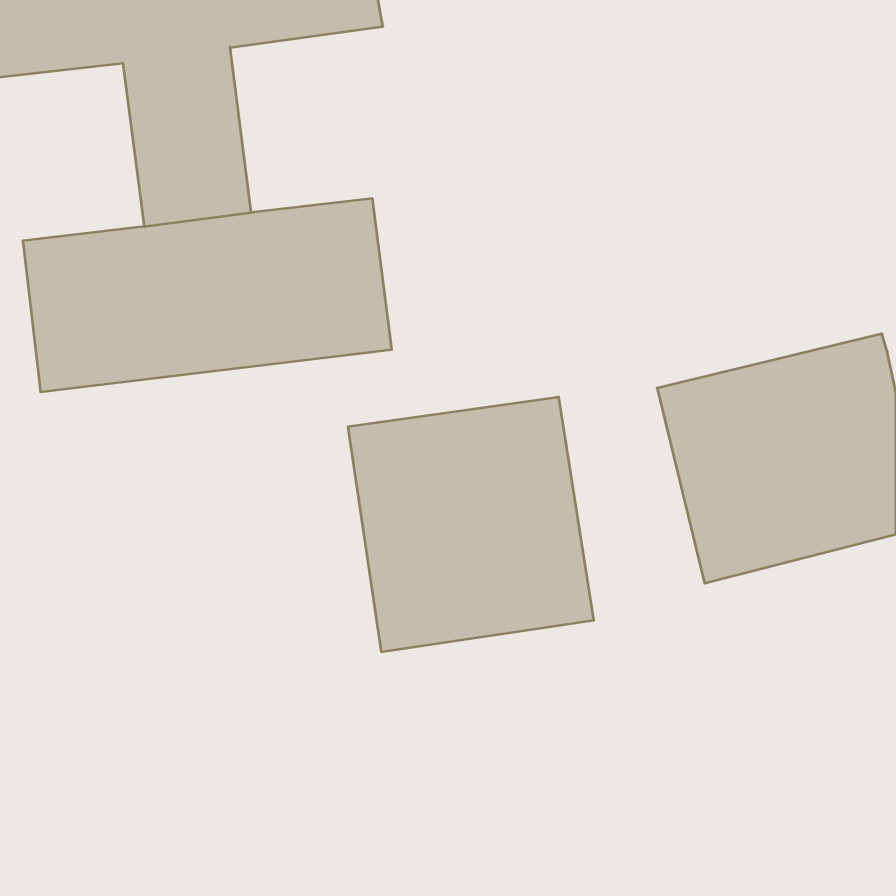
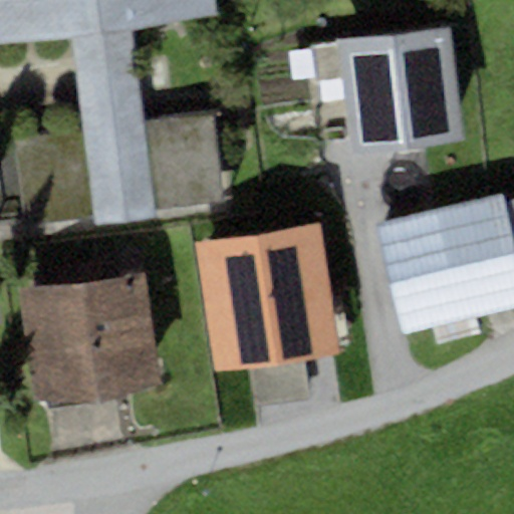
building: none -> [336,27,464,157]
building: none -> [18,273,161,405]

